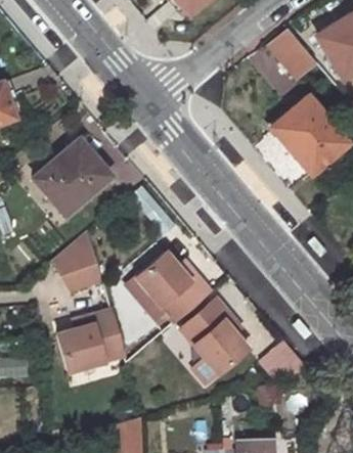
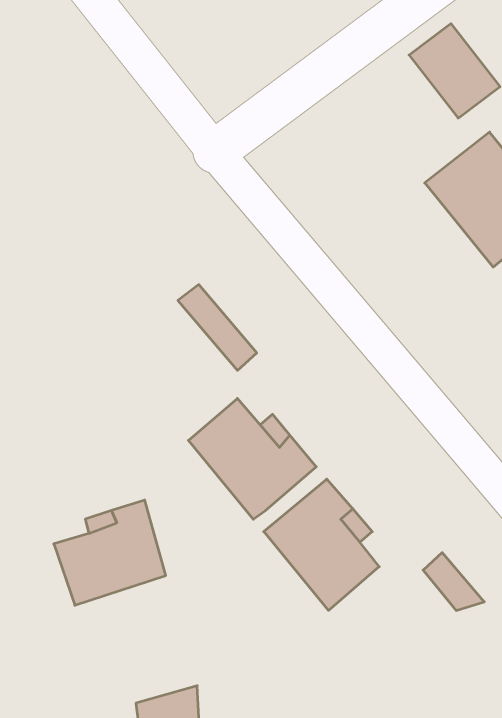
building: [34,138,111,212] -> none
building: [52,229,101,290] -> none

